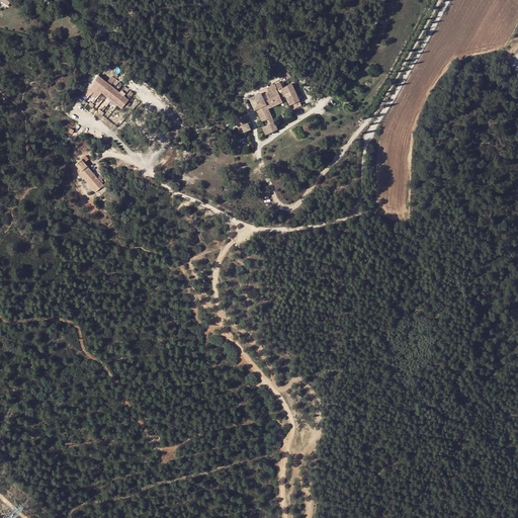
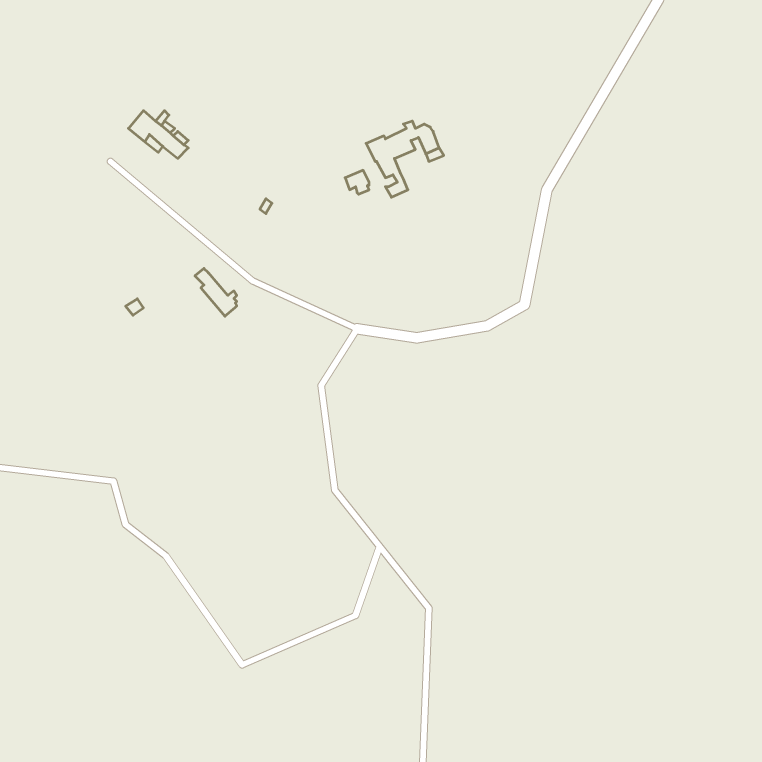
building: [74,159,102,191] -> [195,268,237,316]

